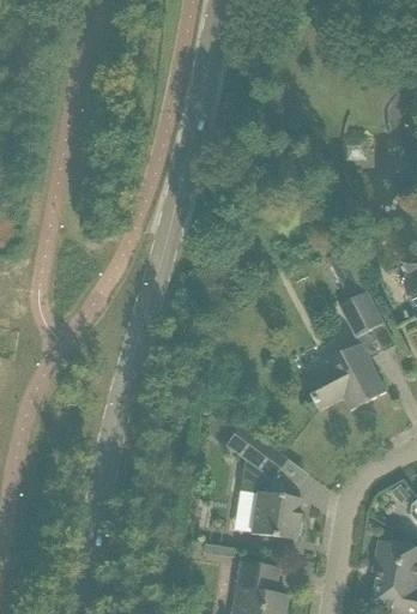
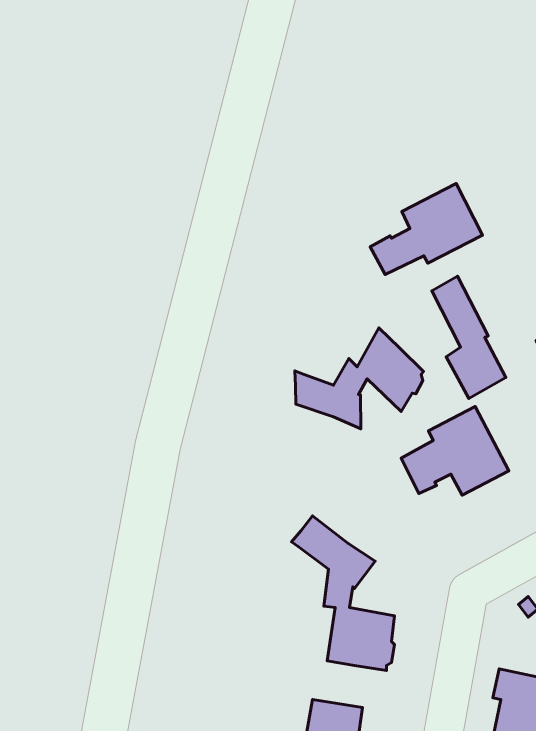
building: none -> [370,183,482,275]
building: none -> [295,328,424,429]

